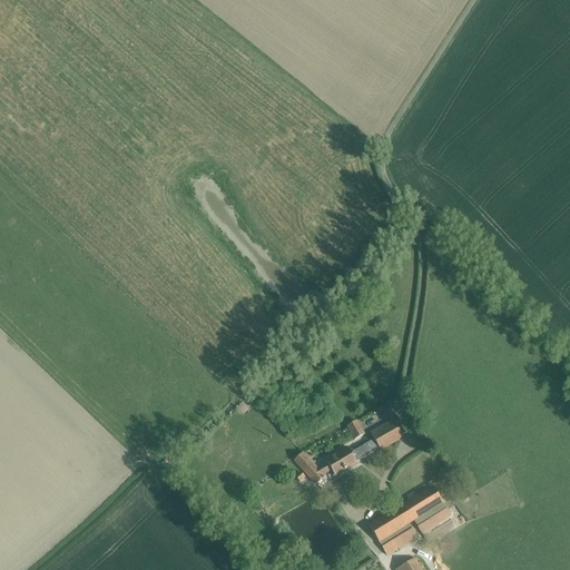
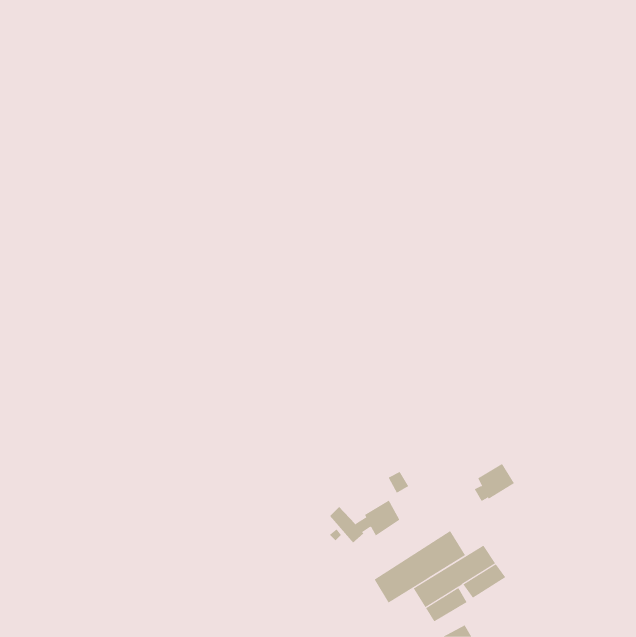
building: [368,420,405,454] -> [474,463,515,502]
building: none -> [374,530,466,604]

